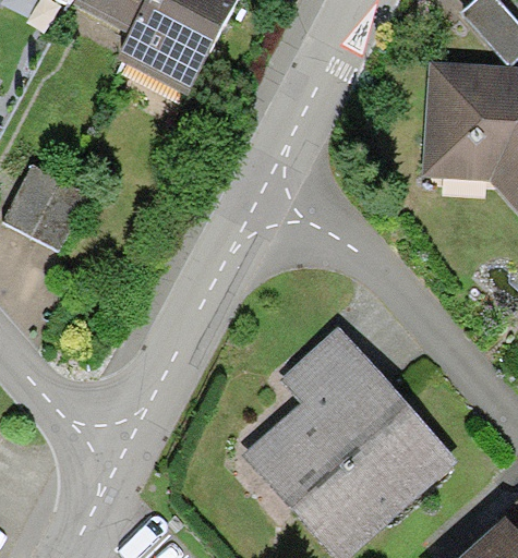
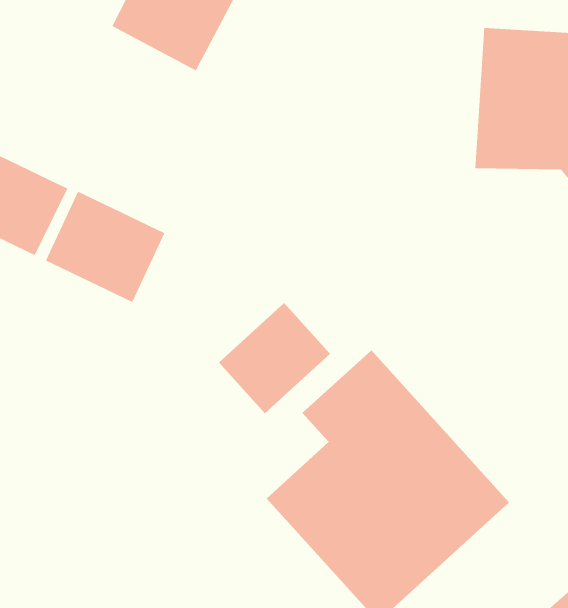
building: none -> [45,191,165,303]
building: none -> [218,302,331,414]

